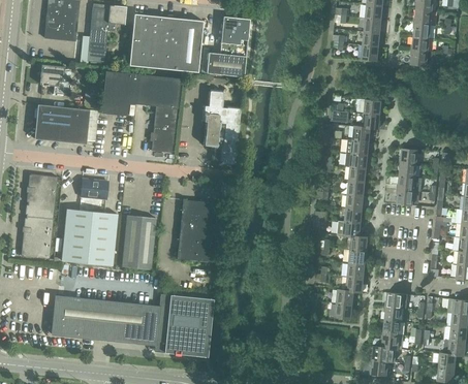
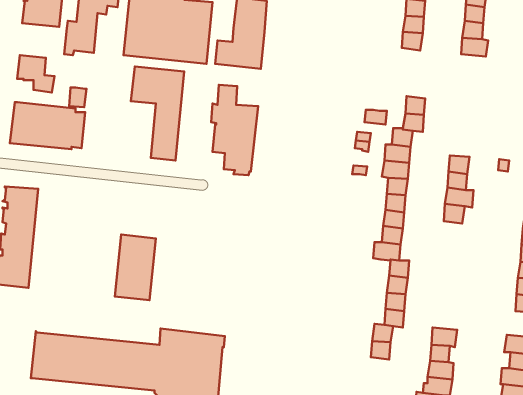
building: [100,71,137,116] -> none
building: [80,179,107,199] -> none
building: [176,199,224,263] -> none
building: [61,209,117,265] -> none

